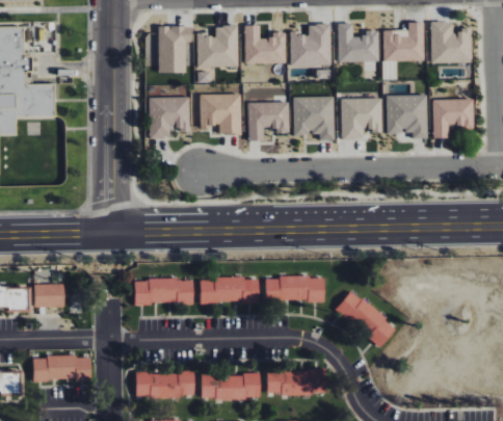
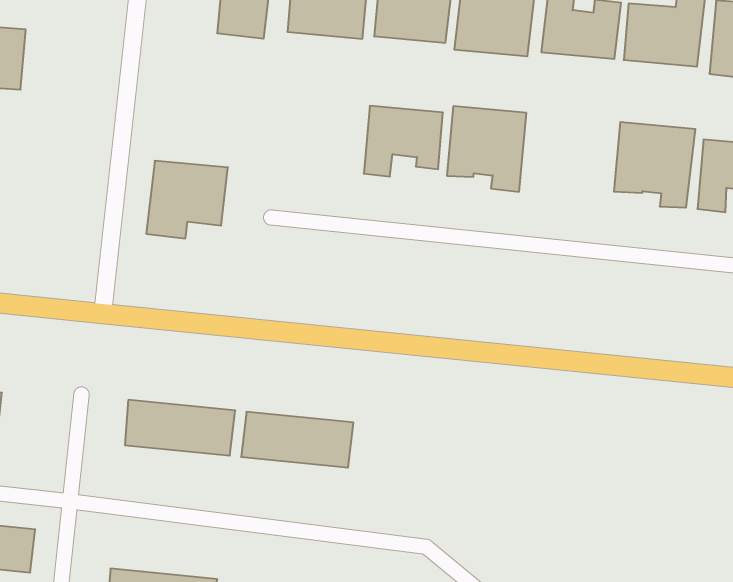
building: [200,94,241,135] -> none
building: [149,97,189,138] -> [146,161,228,238]
building: [341,99,381,139] -> none
building: [265,277,324,301] -> none
building: [336,291,396,347] -> none

